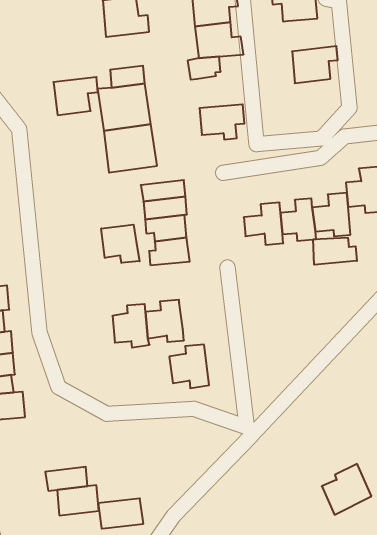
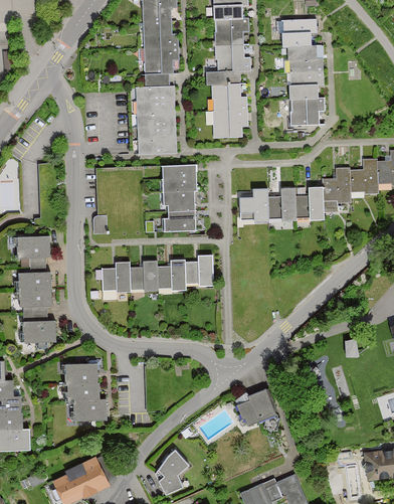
building: none -> [288,48,325,72]
building: none -> [213,83,247,111]
building: [53,77,98,115] -> [145,47,179,74]
building: none -> [289,97,326,125]
building: [101,225,140,263] -> none
building: [313,238,357,265] -> none
building: none -> [103,263,131,296]
building: [169,345,209,388] -> [184,255,213,288]
building: [322,464,371,515] -> [237,389,275,428]
building: [98,498,143,529] -> [63,364,97,385]

